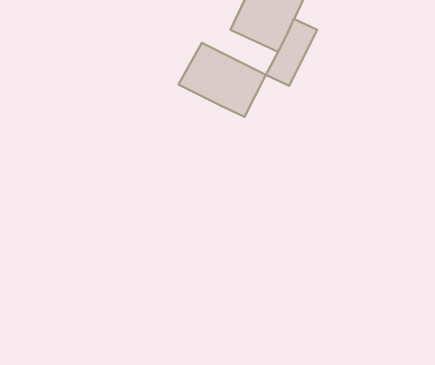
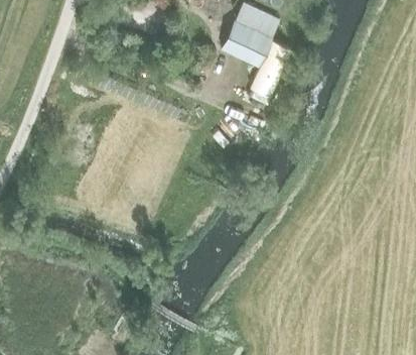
building: [179,43,266,117] -> none

